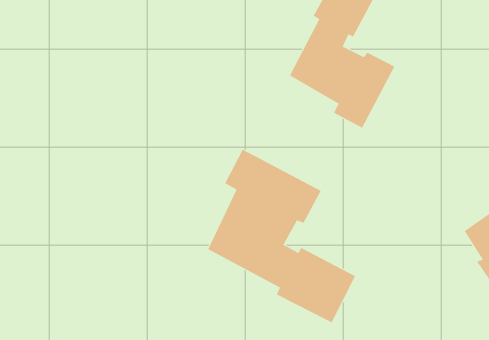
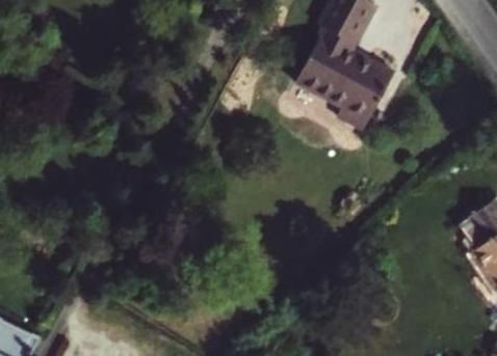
building: [208,149,356,323] -> none

